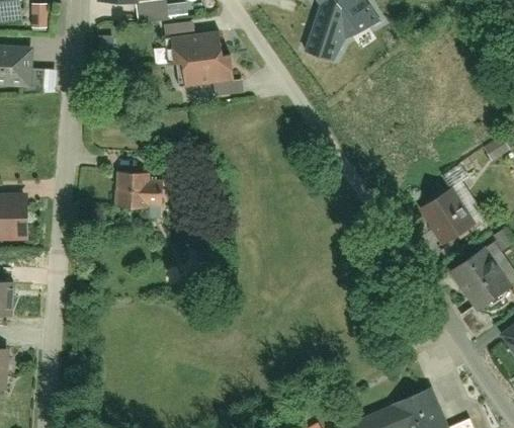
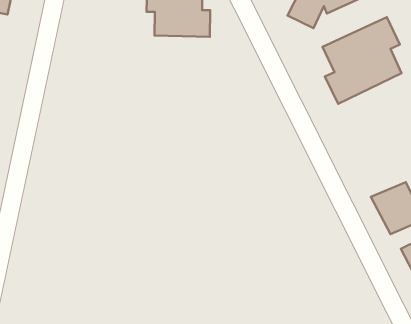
building: none -> [323,17,402,104]
building: [116,171,164,204] -> none

